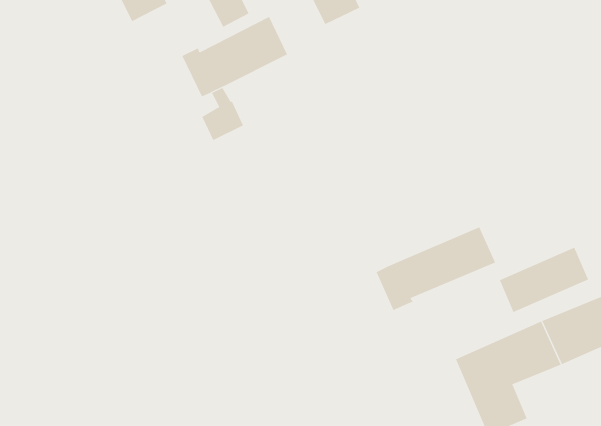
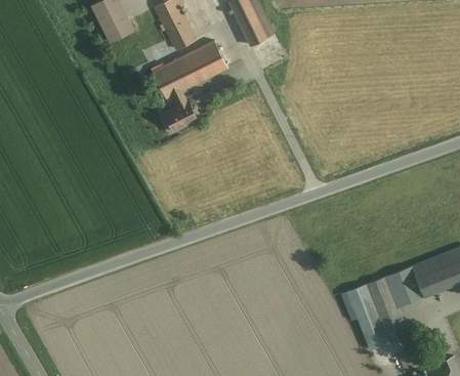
building: [376,226,496,311] -> none
building: [499,247,589,313] -> none

